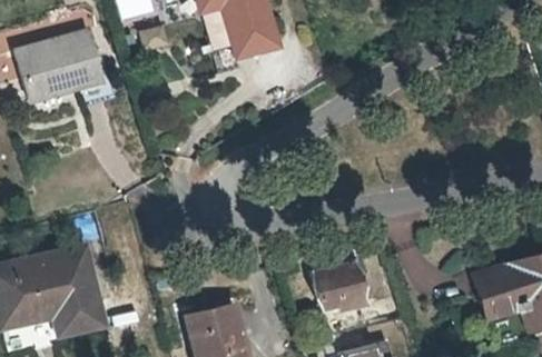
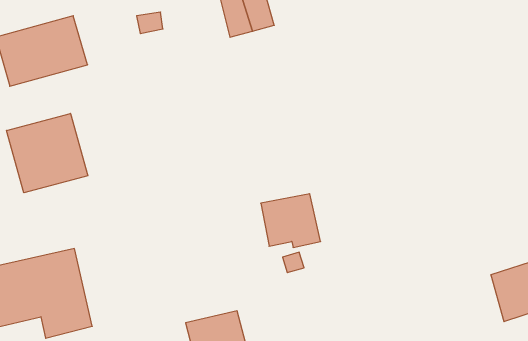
building: none -> [7,113,88,193]
building: [314,260,369,310] -> [261,194,321,247]

